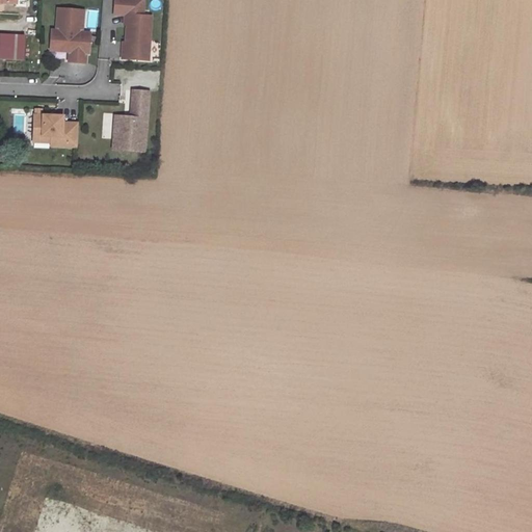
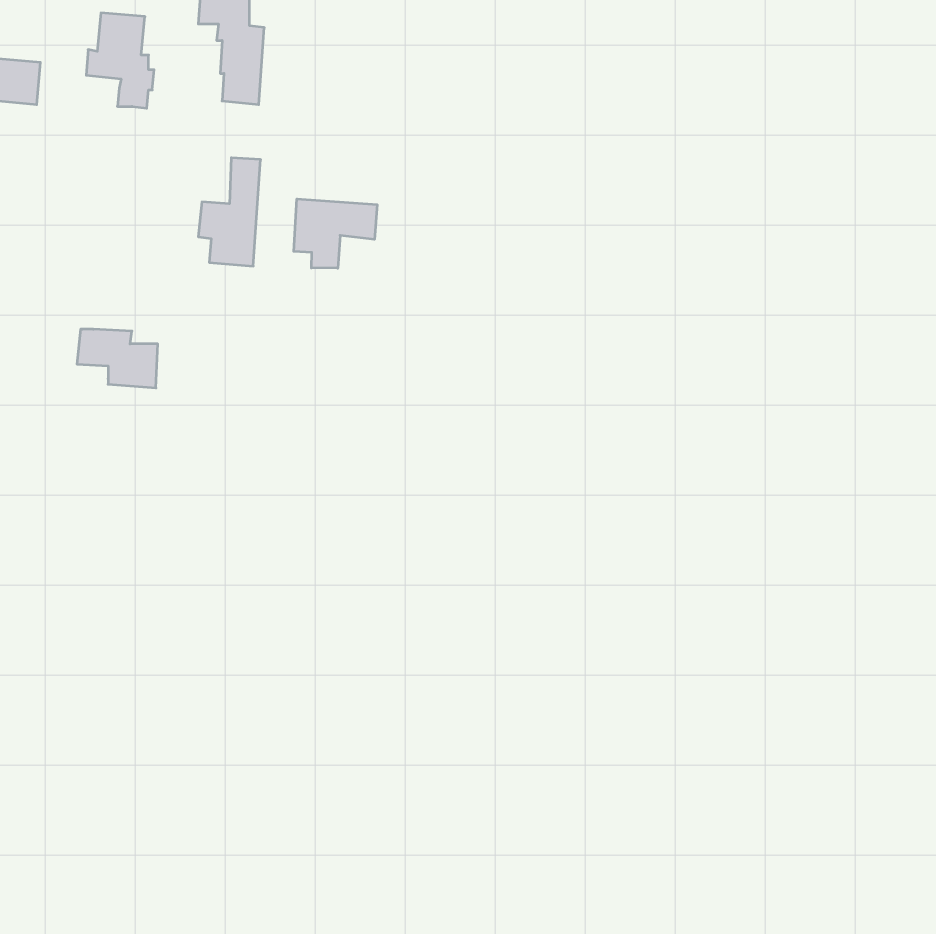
building: none -> [294,199,377,268]
building: [32,113,78,147] -> [77,329,158,388]

